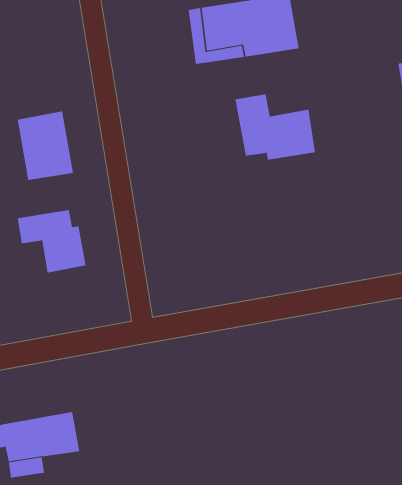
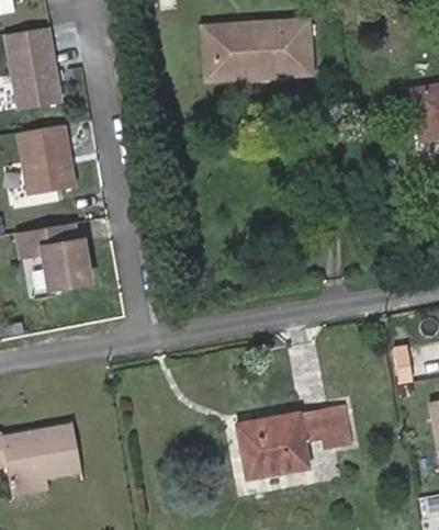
building: none -> [11,27,64,110]
building: [235,93,316,160] -> none
building: none -> [234,404,354,480]

